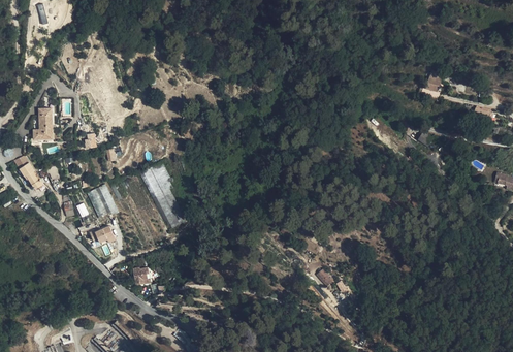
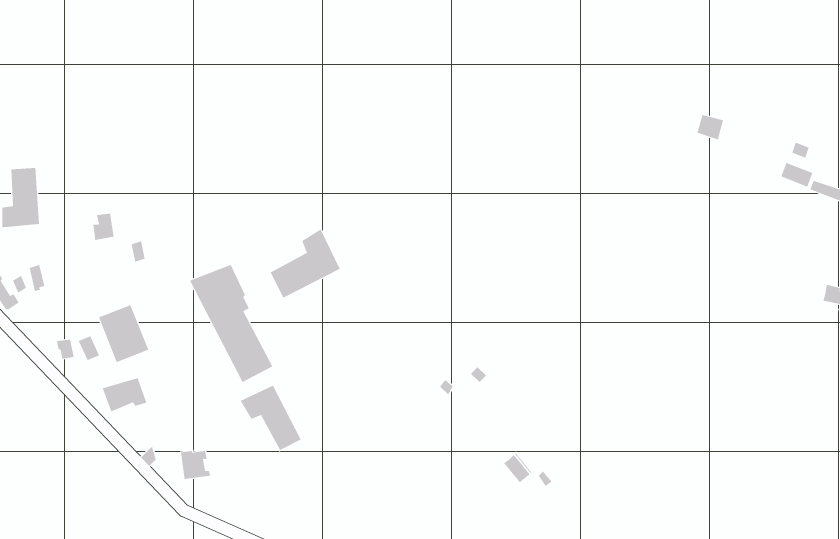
building: none -> [270,229,340,299]
building: none -> [240,385,302,451]

